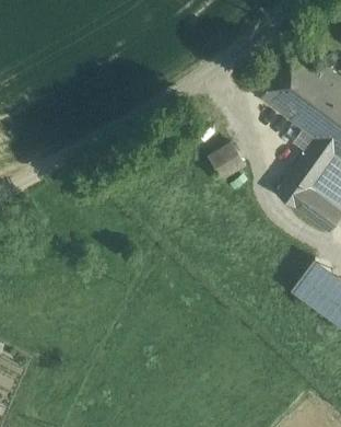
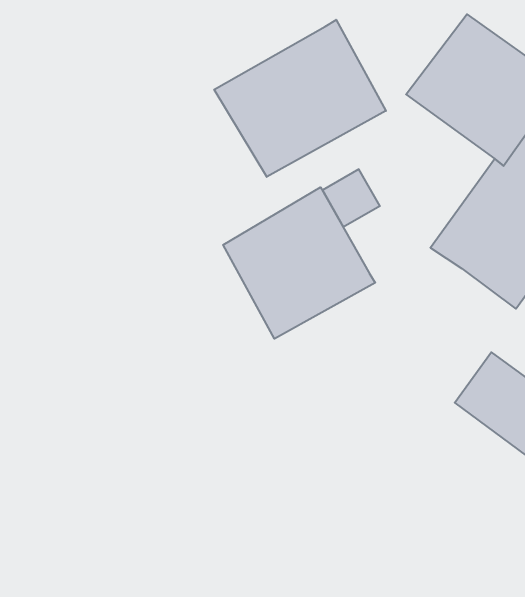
building: none -> [214,20,386,177]
building: none -> [223,187,375,339]

